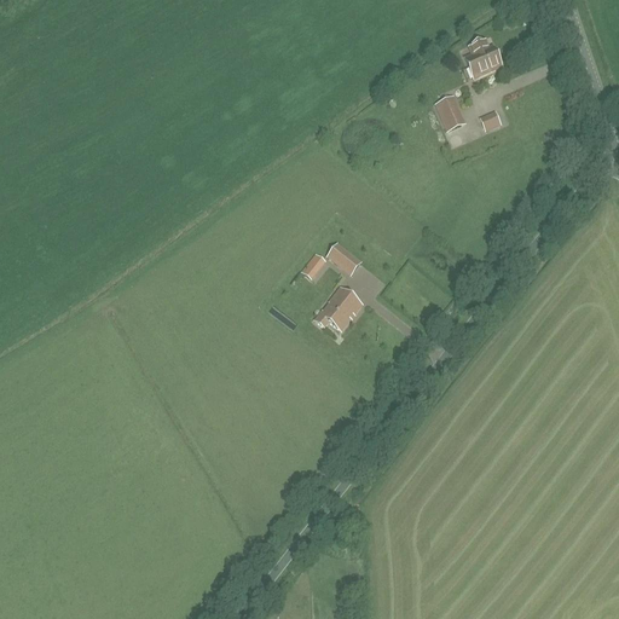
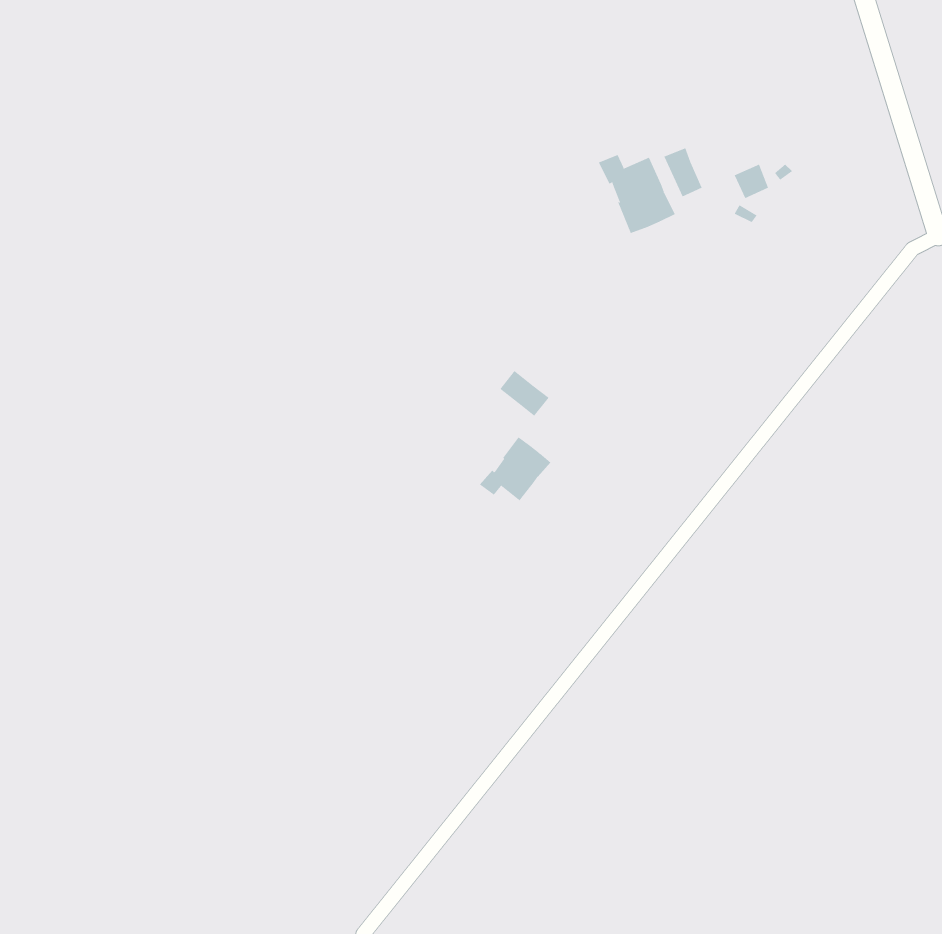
building: [464,39,501,76] -> none
building: none -> [598,154,676,234]

